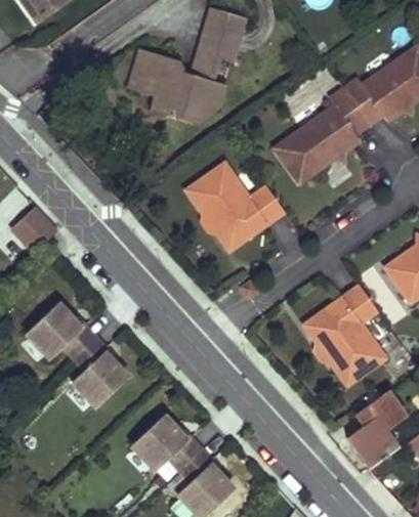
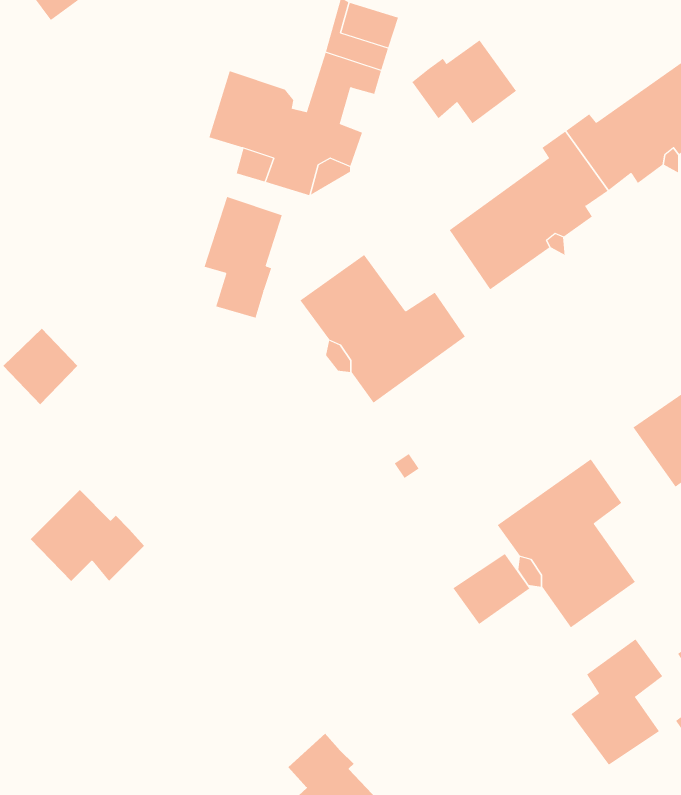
building: none -> [411,39,517,124]
building: none -> [204,196,282,319]
building: [72,336,127,405] -> none
building: none -> [453,553,530,625]
building: [132,414,202,468] -> none

